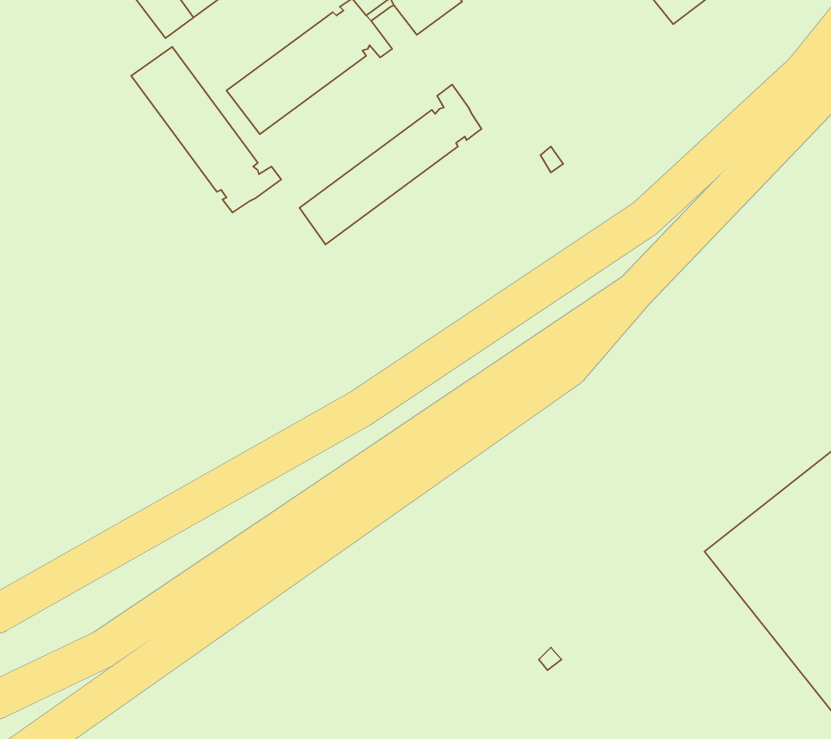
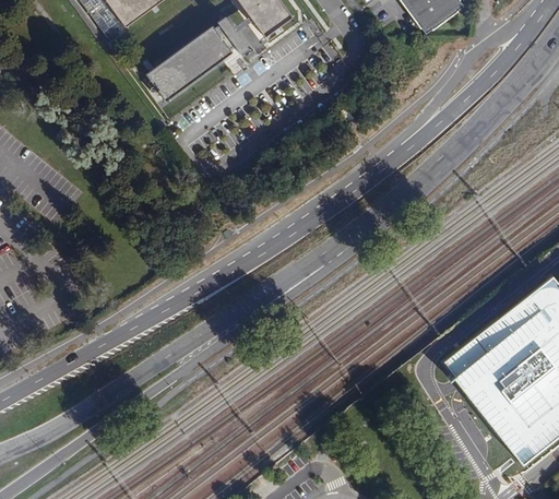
building: [131,47,281,212] -> none
building: [299,85,481,245] -> none

